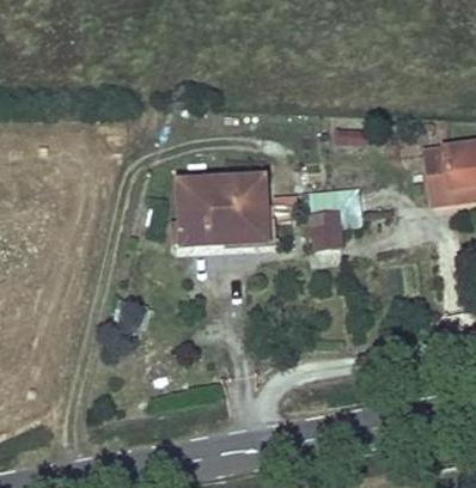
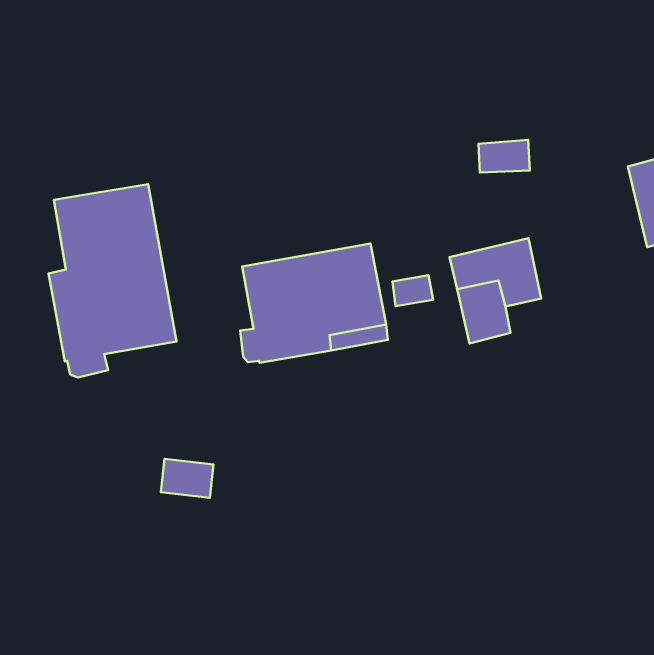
building: none -> [49,184,176,378]

